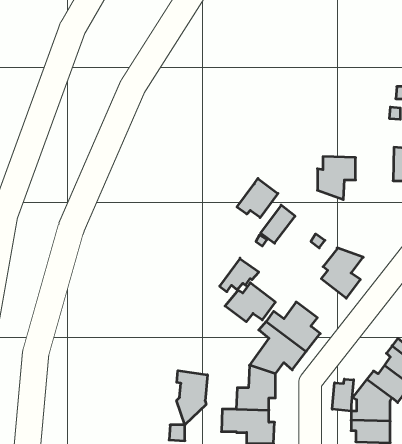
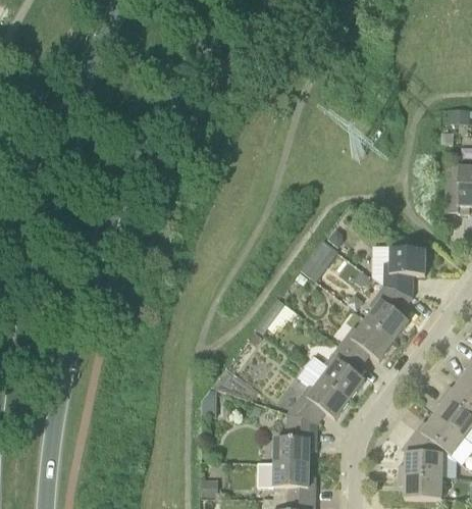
building: [317,157,356,200] -> [384,248,426,295]
building: [237,178,278,218] -> none
building: [225,283,275,322] -> [339,318,395,361]
building: [177,371,207,425] -> none
building: [332,379,354,411] -> none

